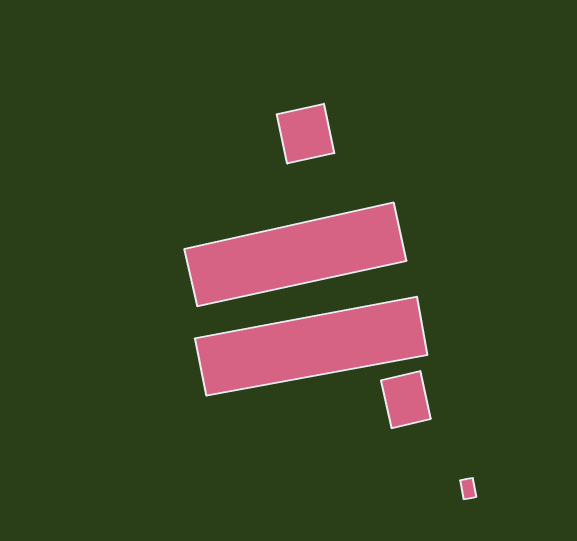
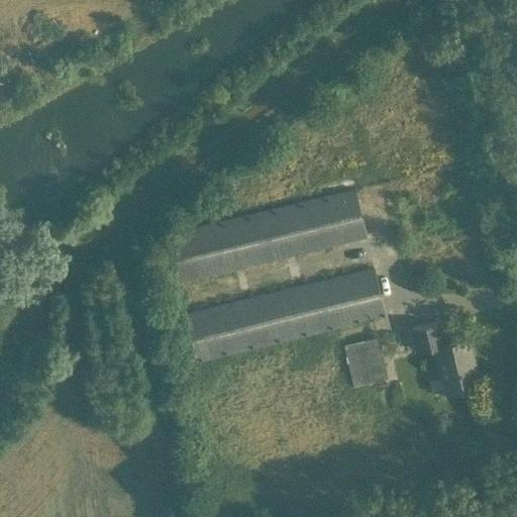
building: [277,104,334,164] -> none
building: none -> [413,323,482,394]

